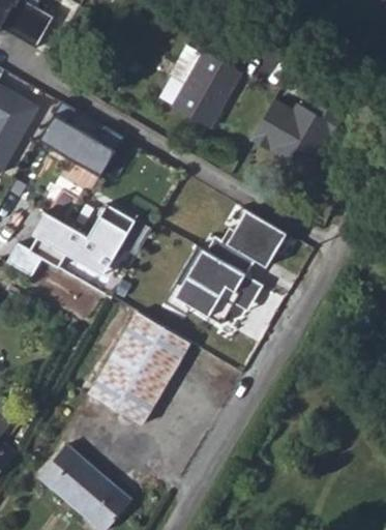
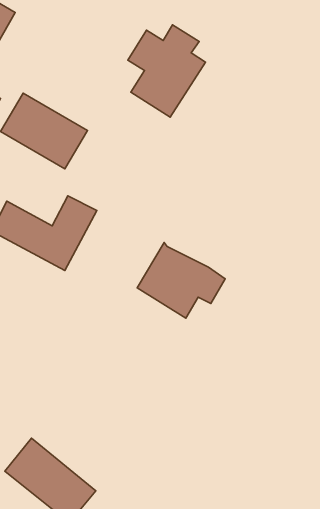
building: [253,99,335,172] -> none
building: [205,209,286,275] -> none
building: [80,307,178,417] -> none

